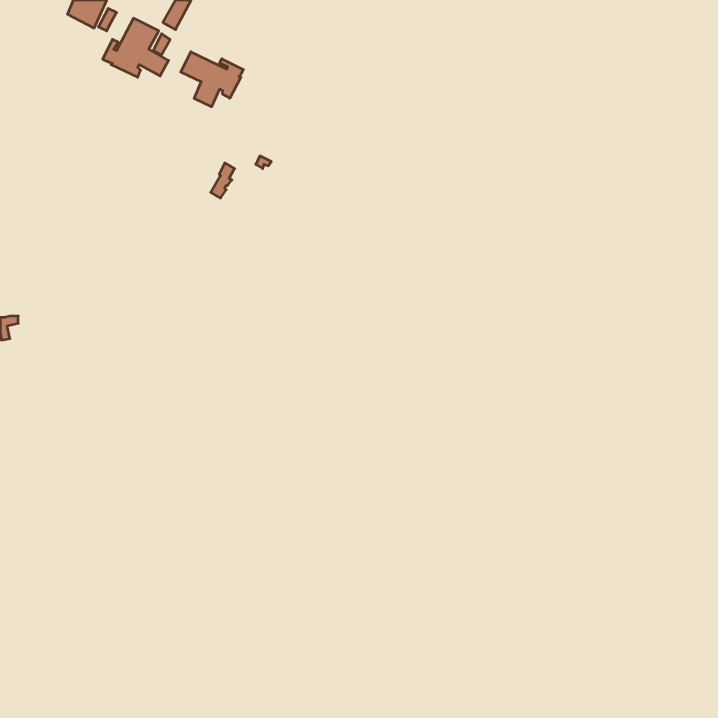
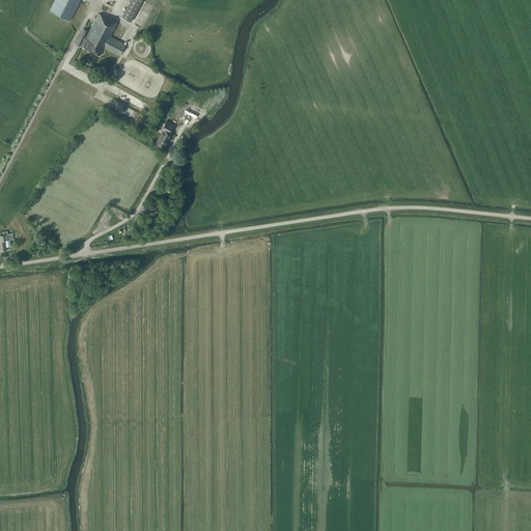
building: [181,52,243,107] -> none

